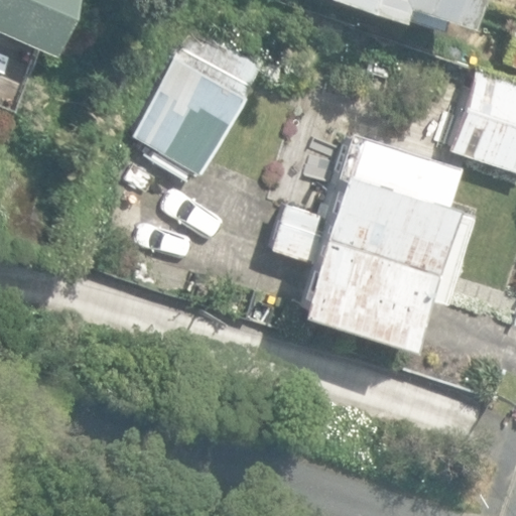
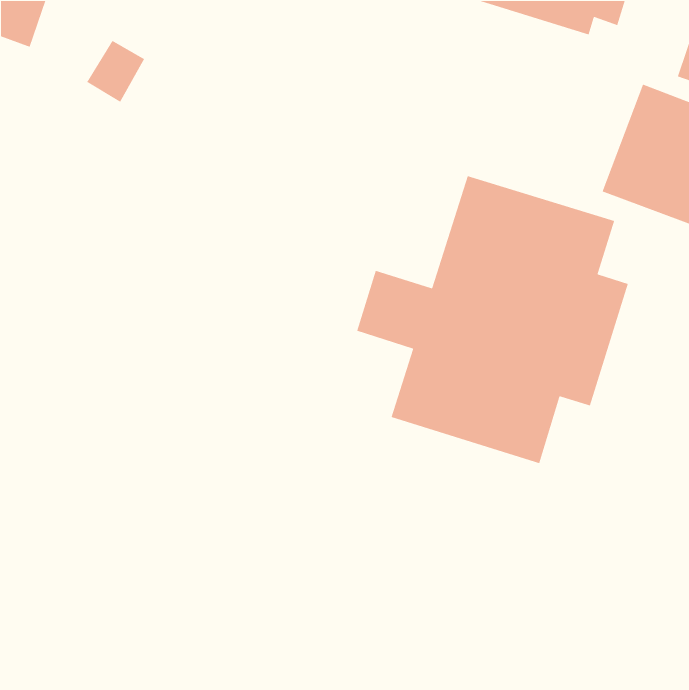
building: [134,33,263,180] -> none

